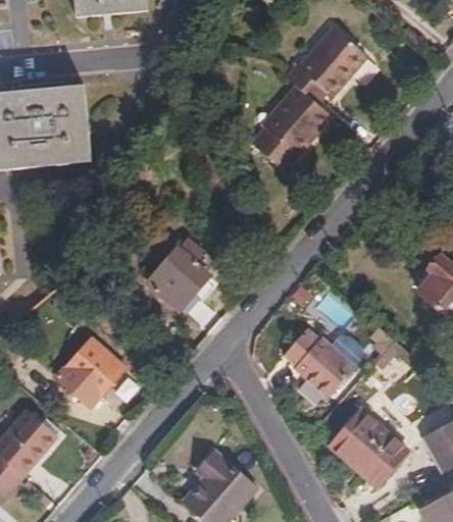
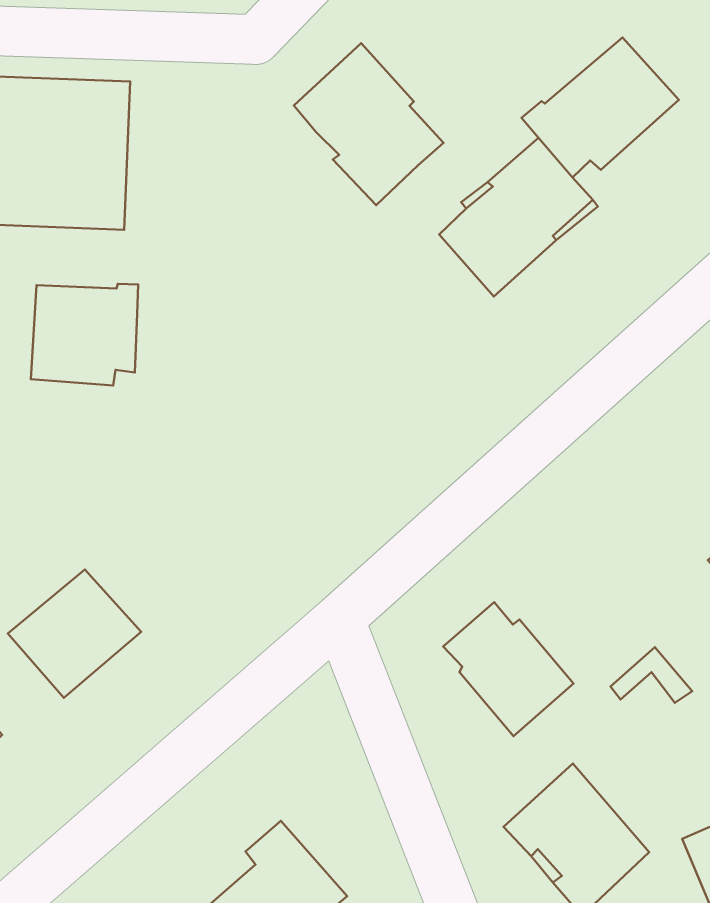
building: none -> [294,43,443,205]
building: none -> [31,284,138,385]
building: [147,243,208,314] -> none

